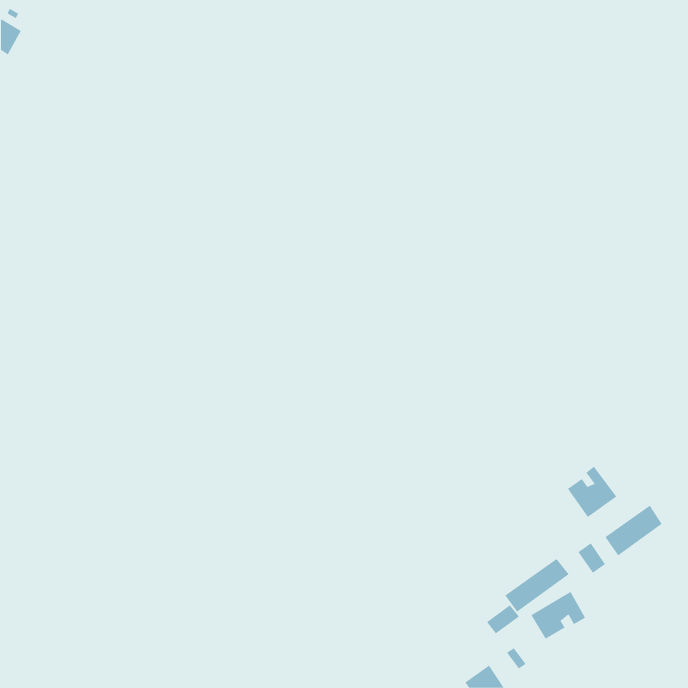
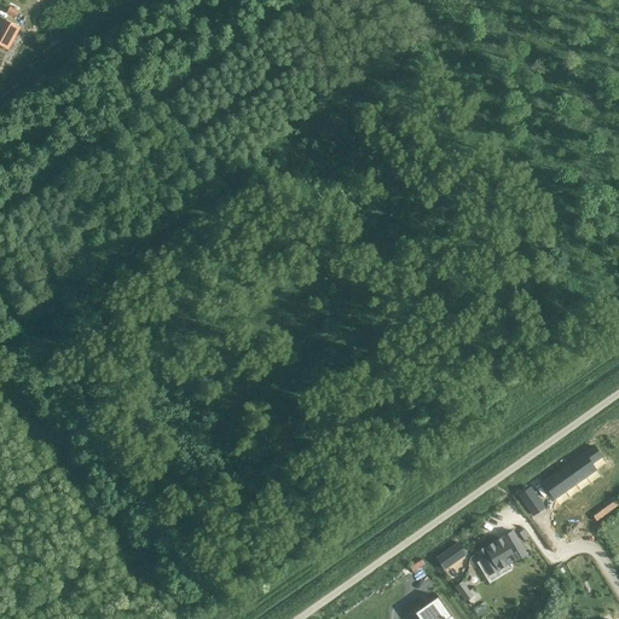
building: [567,466,617,518] -> none
building: [505,558,570,613] -> none

